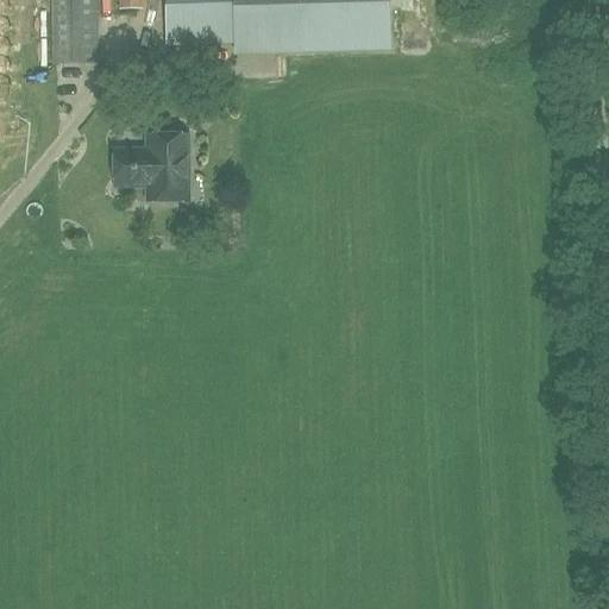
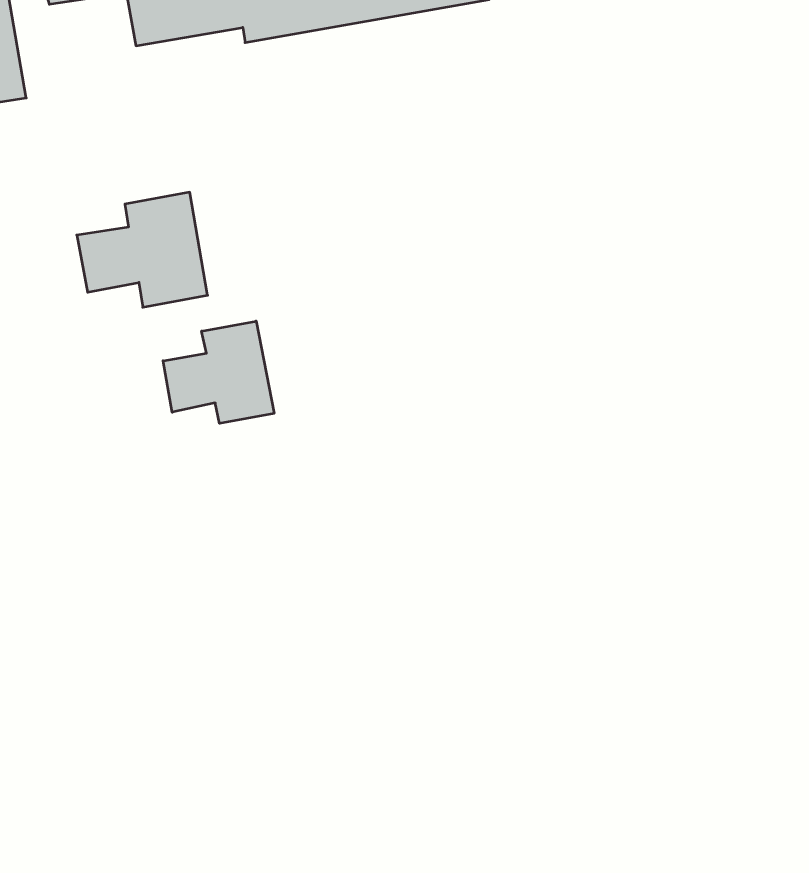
building: none -> [163,321,274,423]

